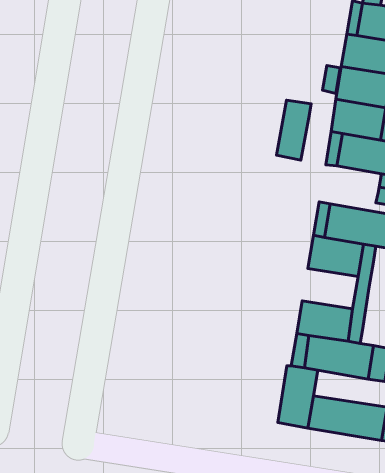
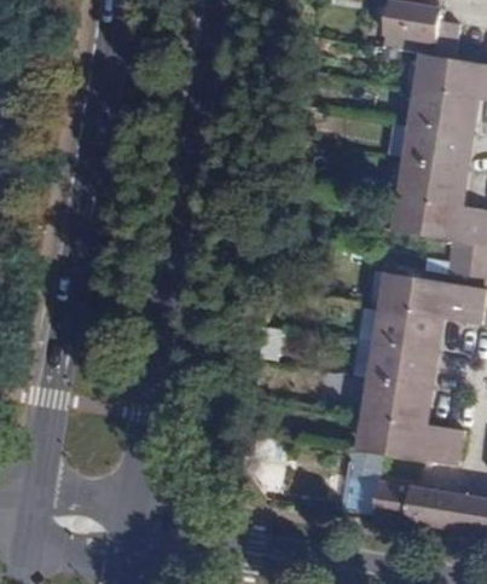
building: [277,100,311,160] -> none
building: none -> [369,343,429,387]

